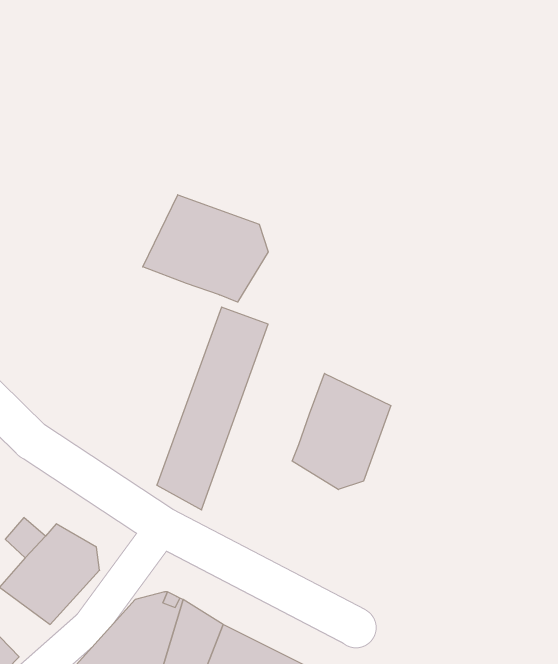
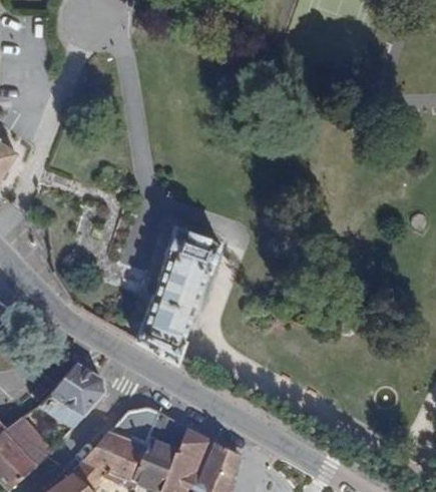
building: [143,195,268,302] -> none
building: [292,373,391,490] -> none

